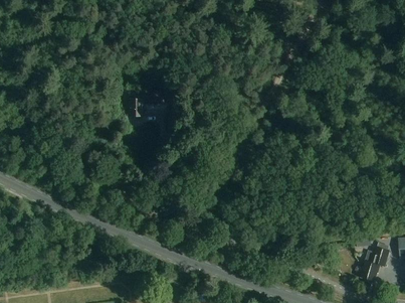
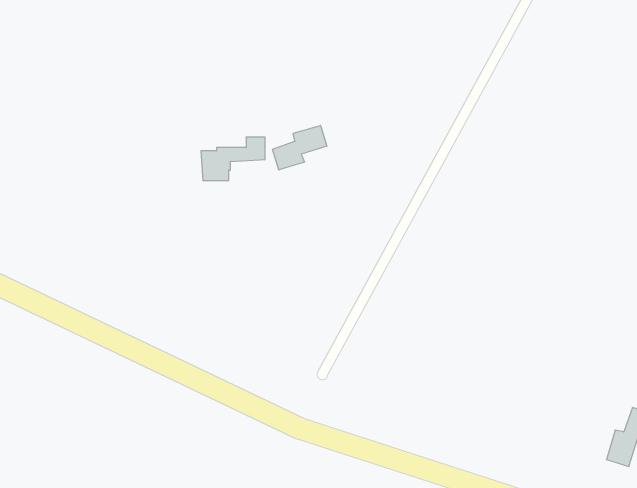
building: none -> [273,125,327,170]

